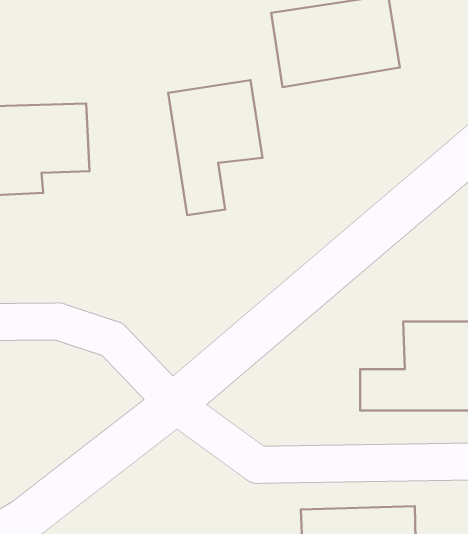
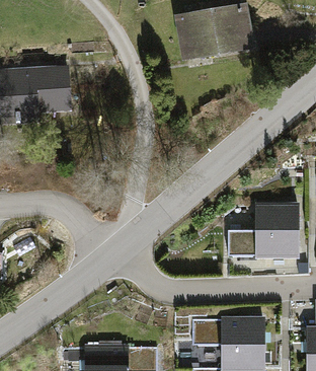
building: [168,80,263,215] -> none

